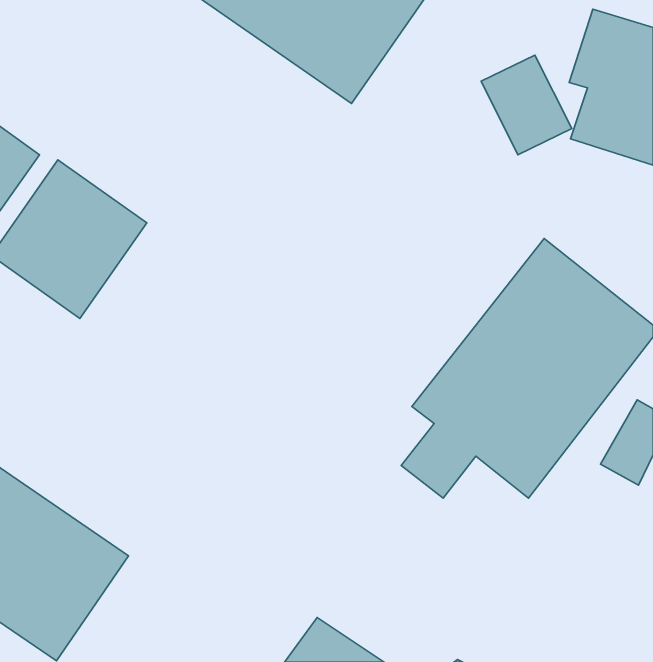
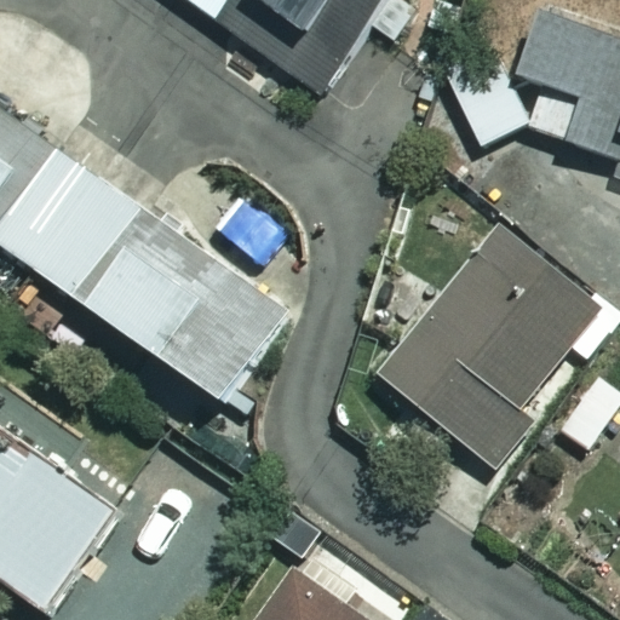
building: none -> [81,240,289,397]

